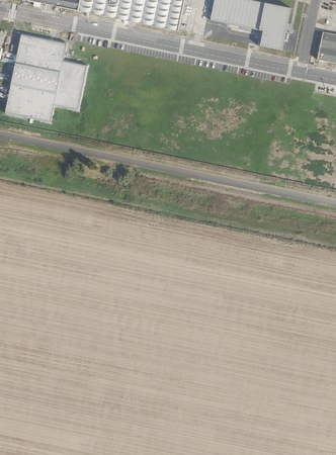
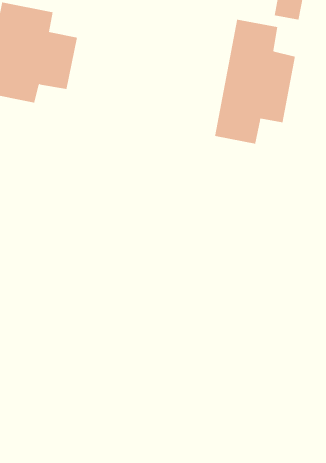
building: none -> [214,19,296,144]

